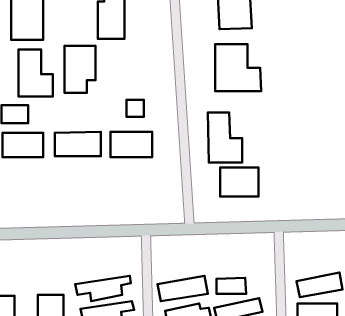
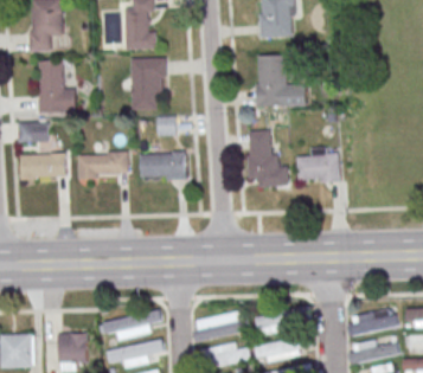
building: [65,46,96,93] -> [132,58,166,110]
building: [220,168,259,196] -> [297,150,340,182]

